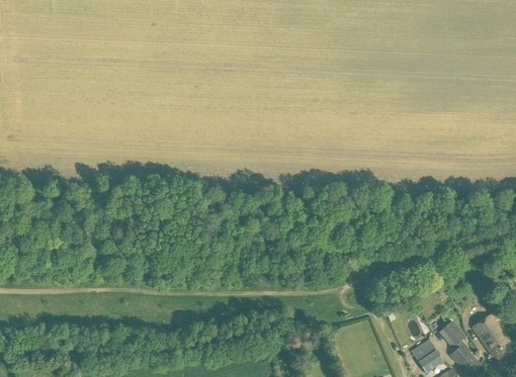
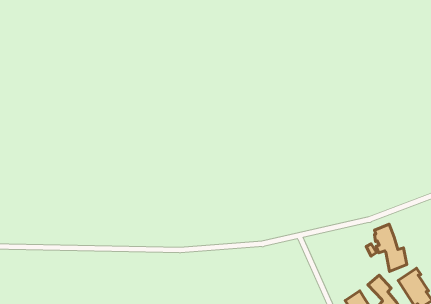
building: none -> [375,224,407,271]

